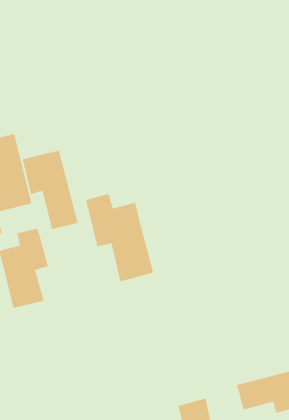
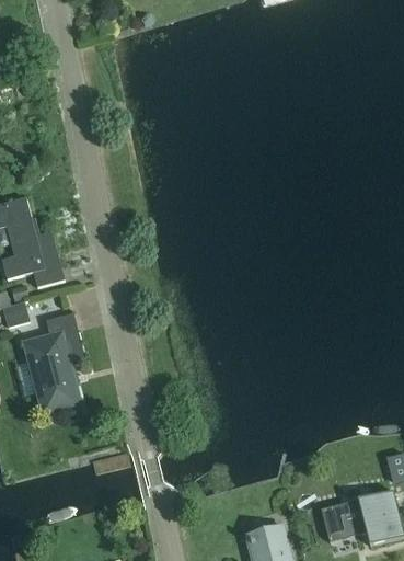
building: [22,150,78,230] -> none
building: [86,193,154,282] -> none

